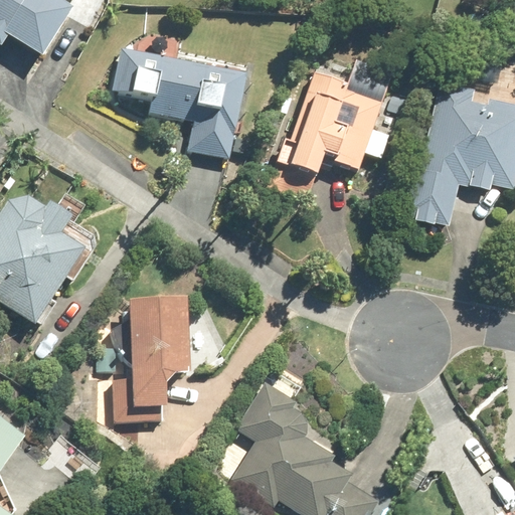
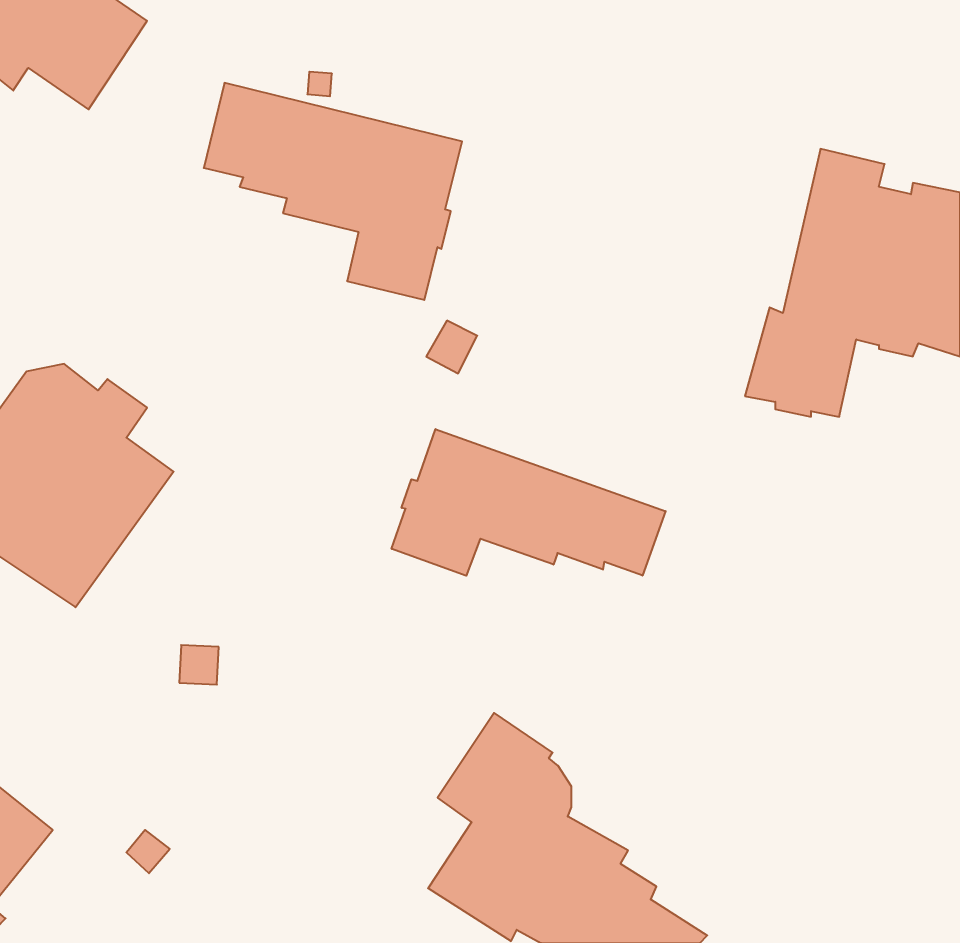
building: [265,57,390,198] -> none
building: none -> [392,429,666,576]
building: [116,303,198,419] -> none

